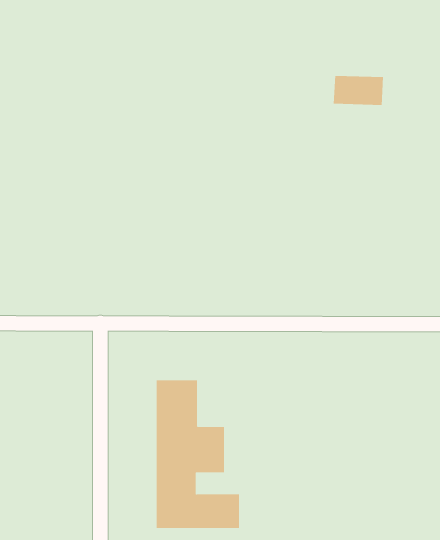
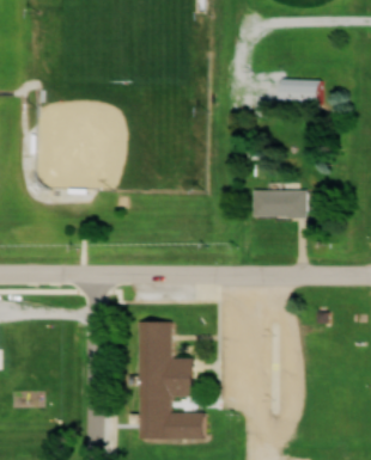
building: none -> [253,191,306,217]

